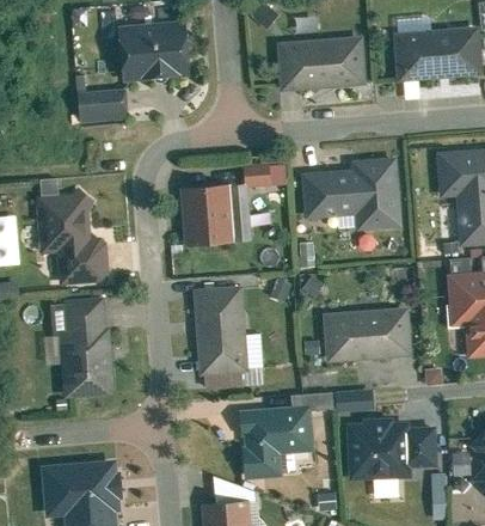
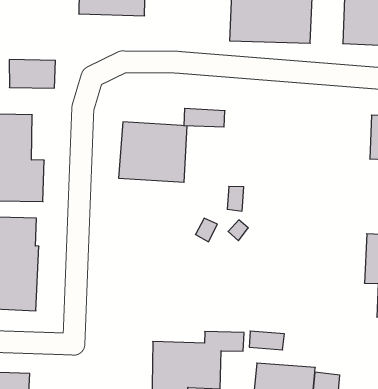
building: [78,87,128,121] -> [9,60,55,88]
building: [303,157,401,230] -> none
building: [194,285,250,374] -> none
building: [324,306,413,362] -> none

